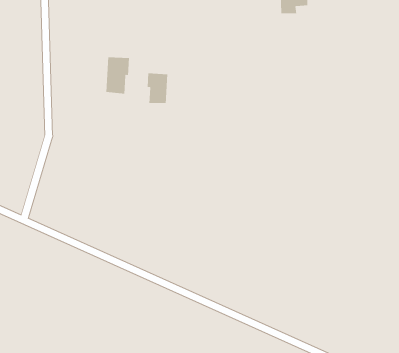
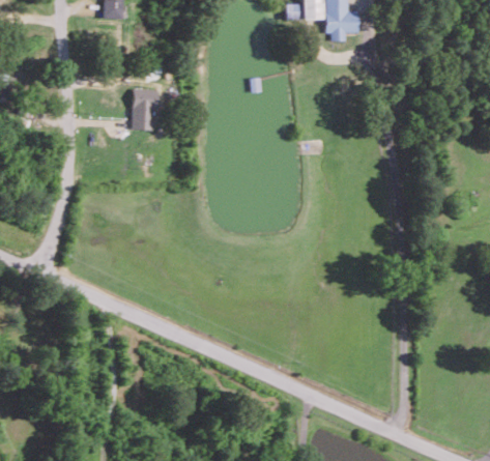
building: [147,72,168,104] -> none

